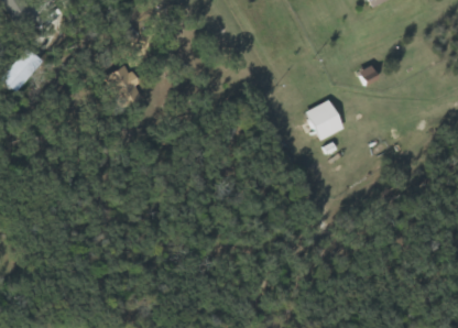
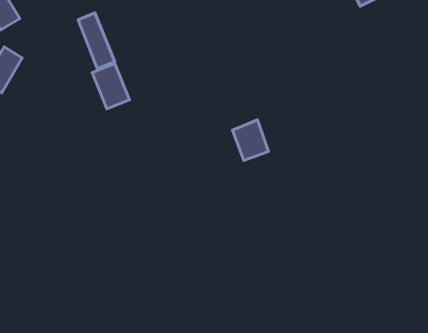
building: none -> [78,13,115,68]
building: [304,99,339,139] -> [233,120,269,161]

